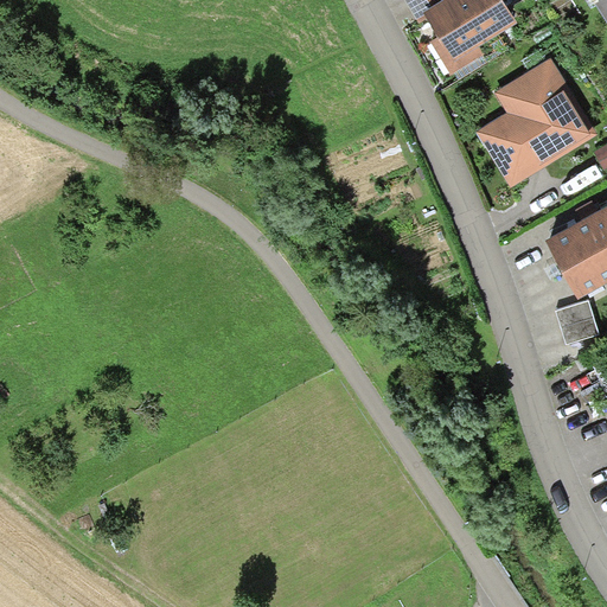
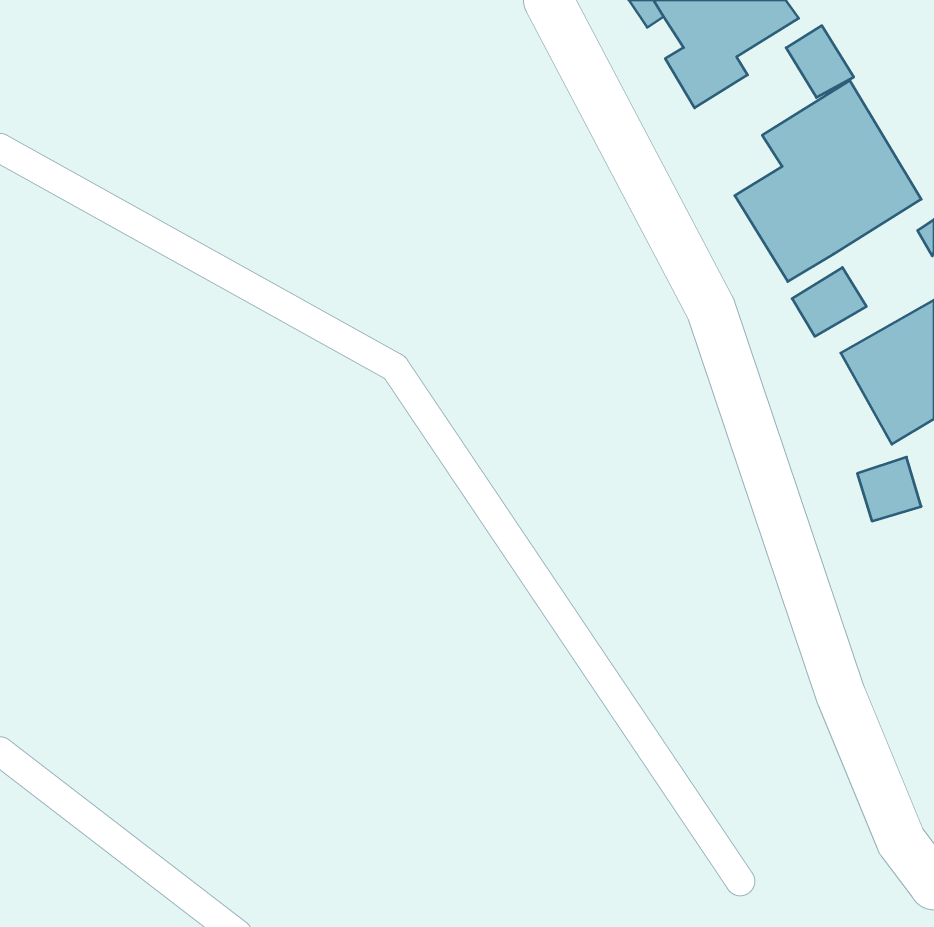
building: none -> [786,26,854,98]
building: none -> [792,267,866,336]

